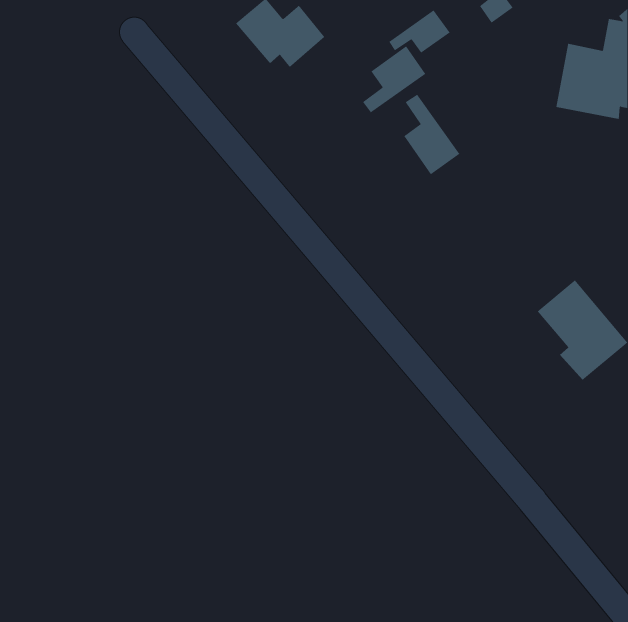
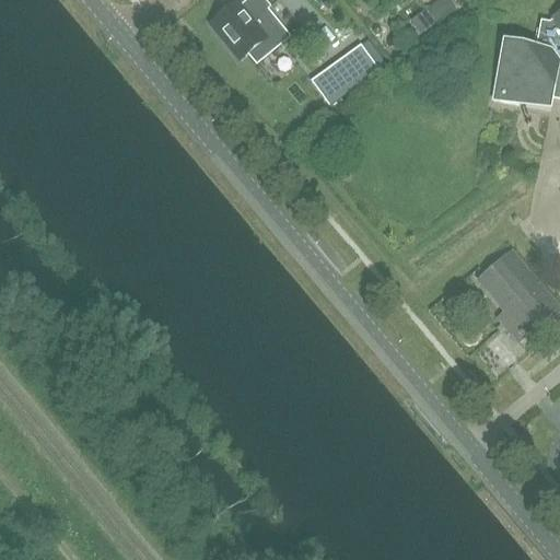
building: [389,10,450,53] -> none
building: [403,94,460,175] -> none

